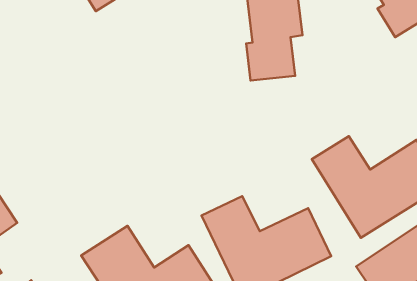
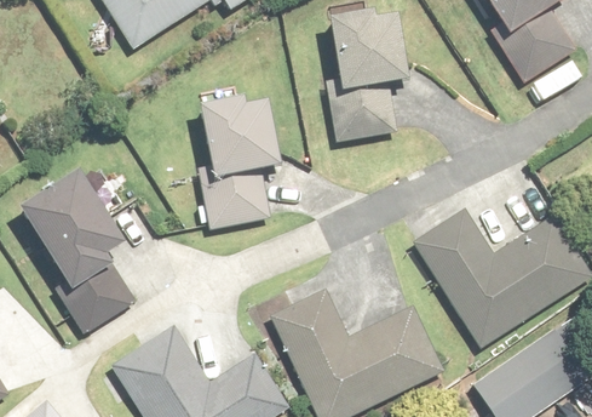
building: none -> [197,93,278,227]
building: none -> [18,172,136,336]

